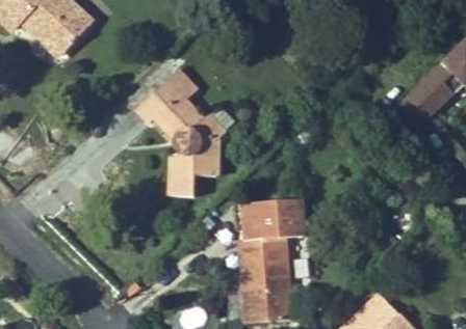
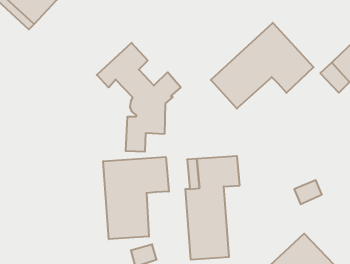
building: none -> [211,23,314,109]
building: none -> [103,157,169,239]

